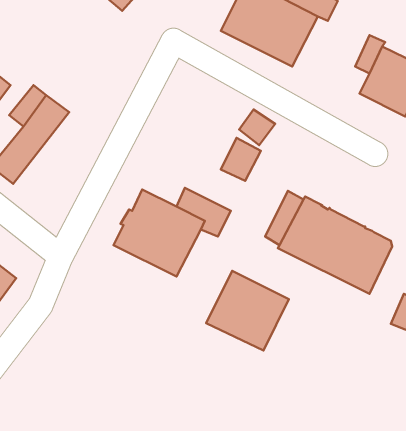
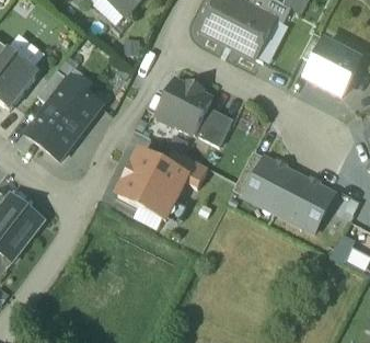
building: none -> [157,78,211,132]
building: none -> [42,91,102,160]
building: [206,271,289,351] -> none

